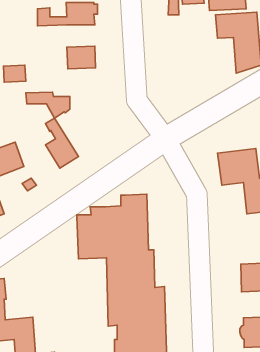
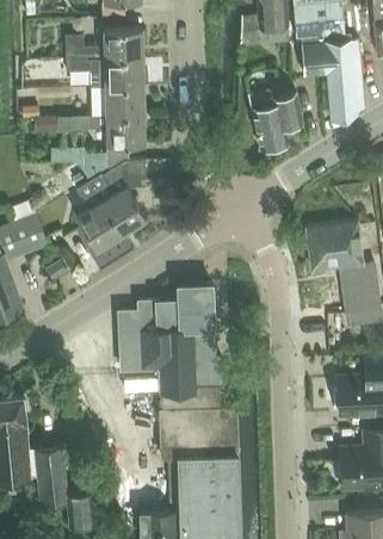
building: none -> [67,58,148,88]
building: none -> [251,91,304,149]
building: none -> [58,116,144,147]
building: none -> [89,161,147,234]

